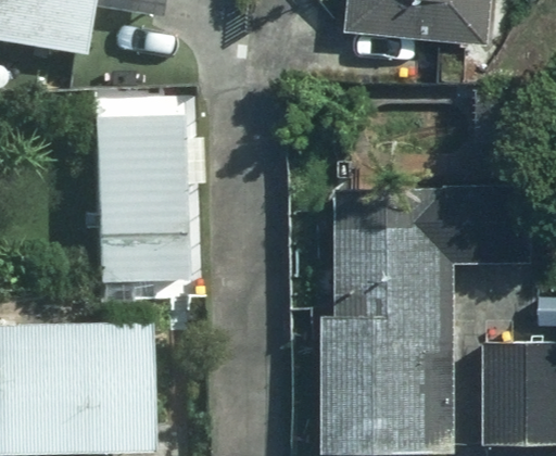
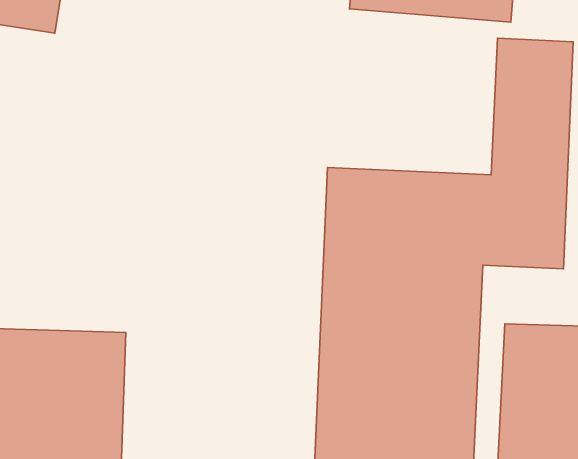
building: [106,118,198,286] -> none

